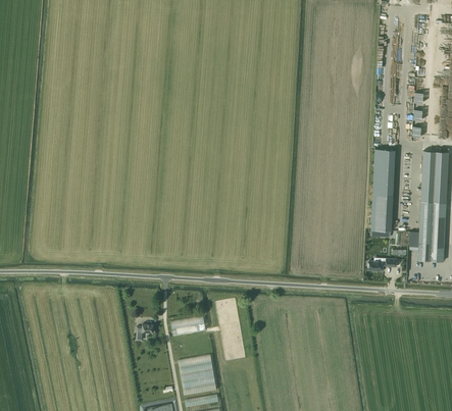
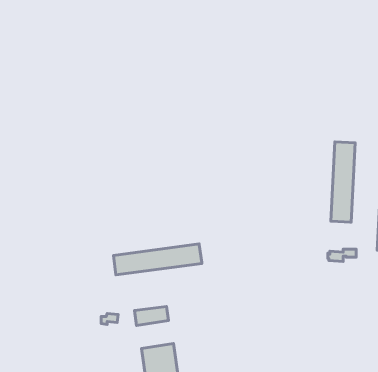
building: none -> [113,244,202,275]

